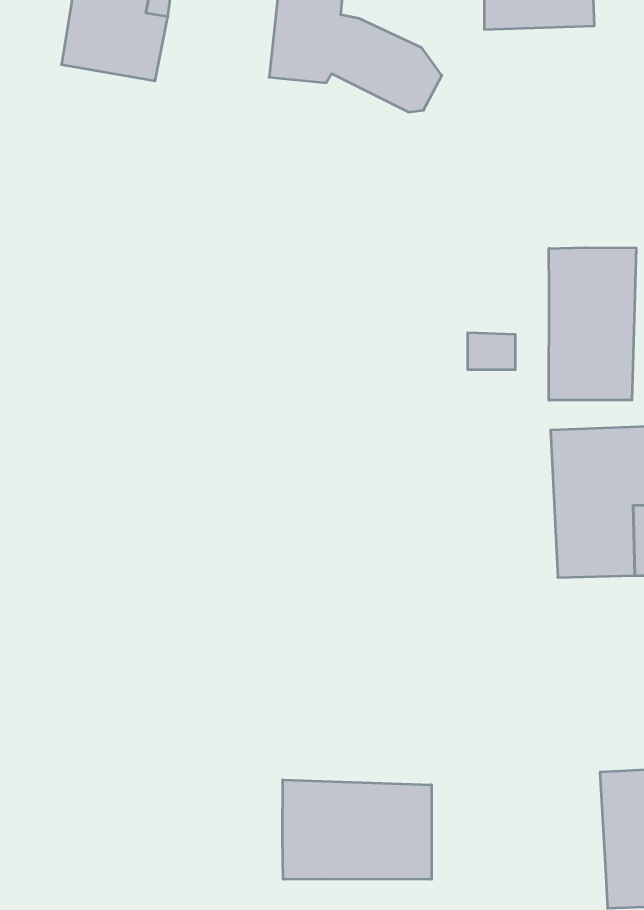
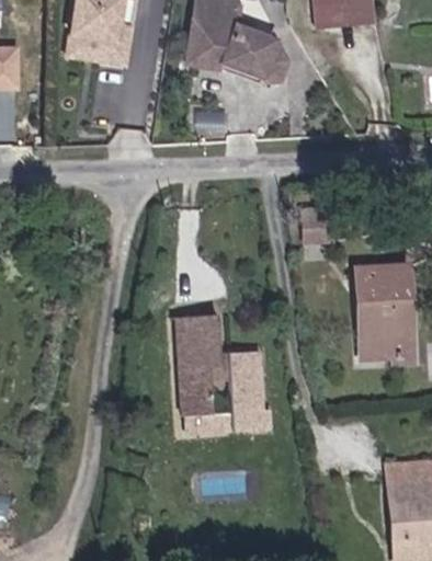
building: [549,248,636,400] -> none
building: none -> [179,314,271,430]
building: [283,780,432,879] -> none

